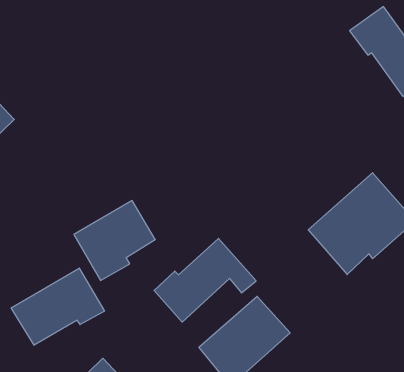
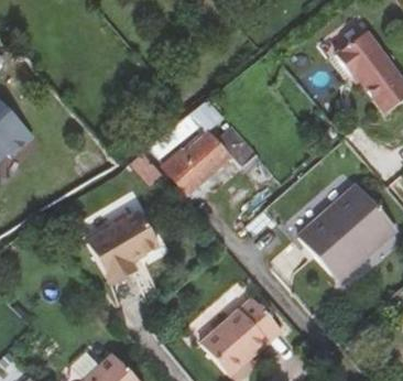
building: [154,238,256,322] -> [163,118,255,194]
building: [11,268,105,345] -> none

